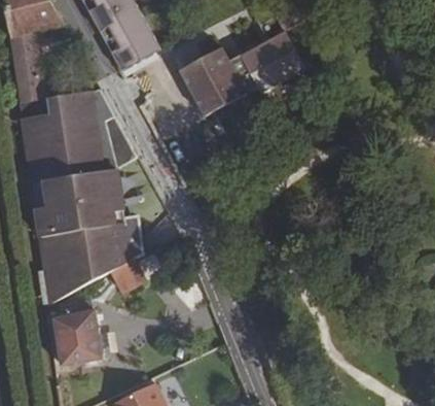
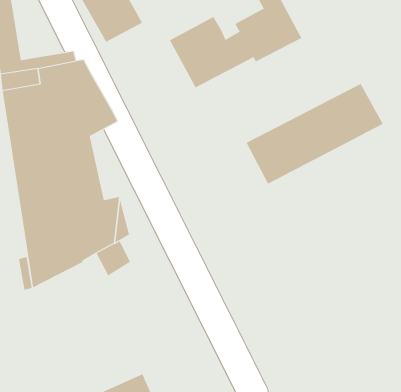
building: none -> [246,83,384,185]
building: [55,297,103,363] -> none

